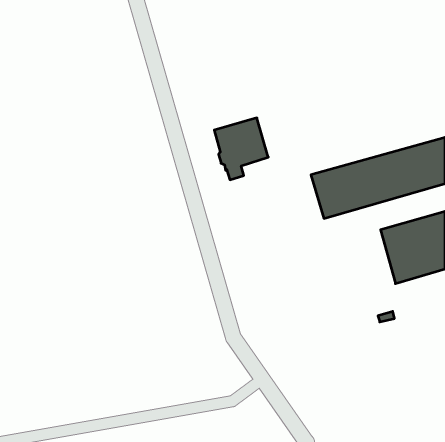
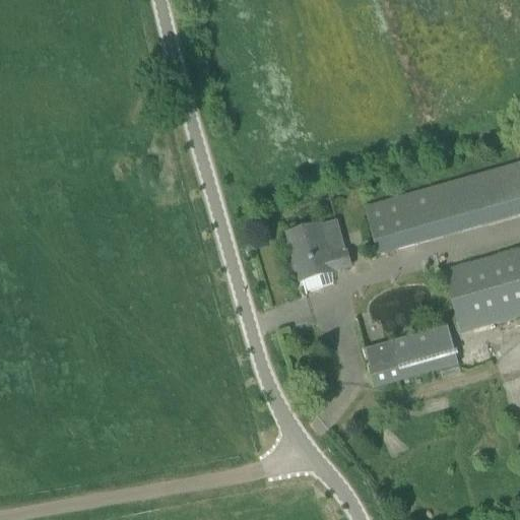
building: [214,118,268,180] -> [287,218,350,290]
building: none -> [364,324,458,385]

